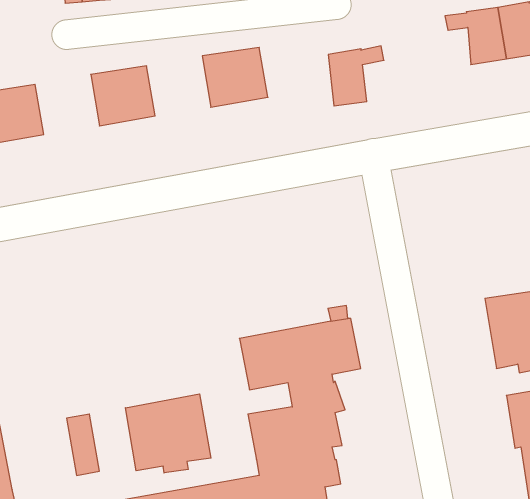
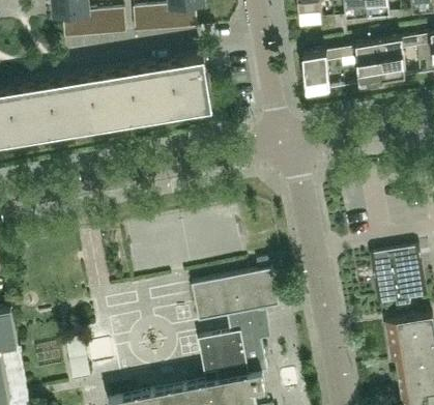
building: [328,46,384,106] -> [302,47,343,90]
building: none -> [124,76,171,119]
building: none -> [44,89,90,133]
building: [125,394,211,473] -> none

